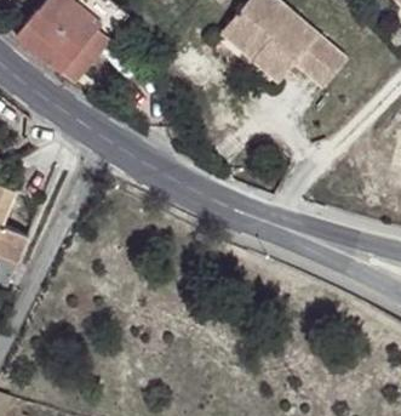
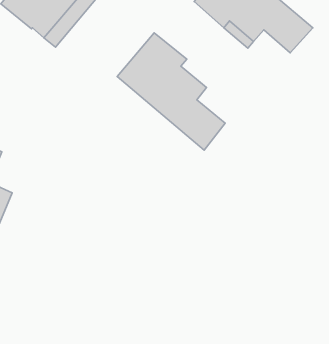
building: none -> [117,33,225,150]

